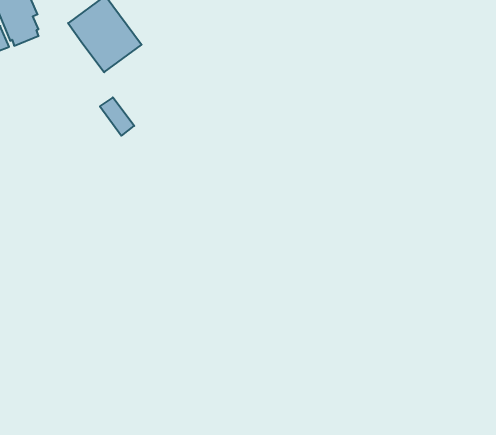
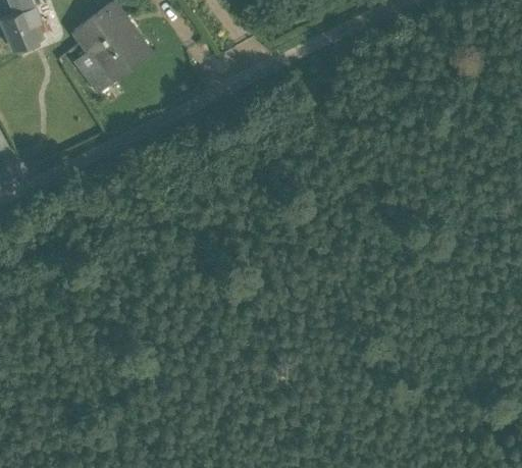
building: [100,97,134,136] -> [74,51,110,91]

